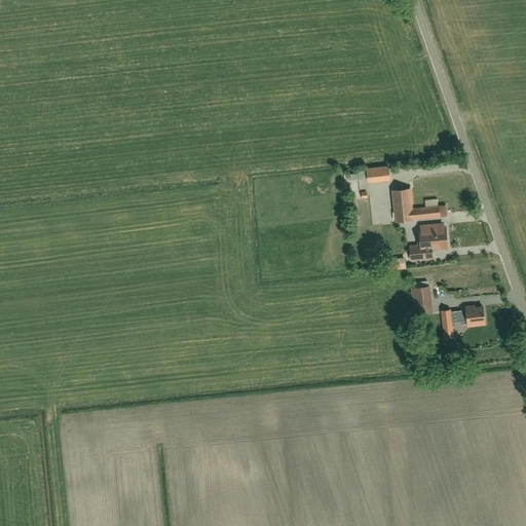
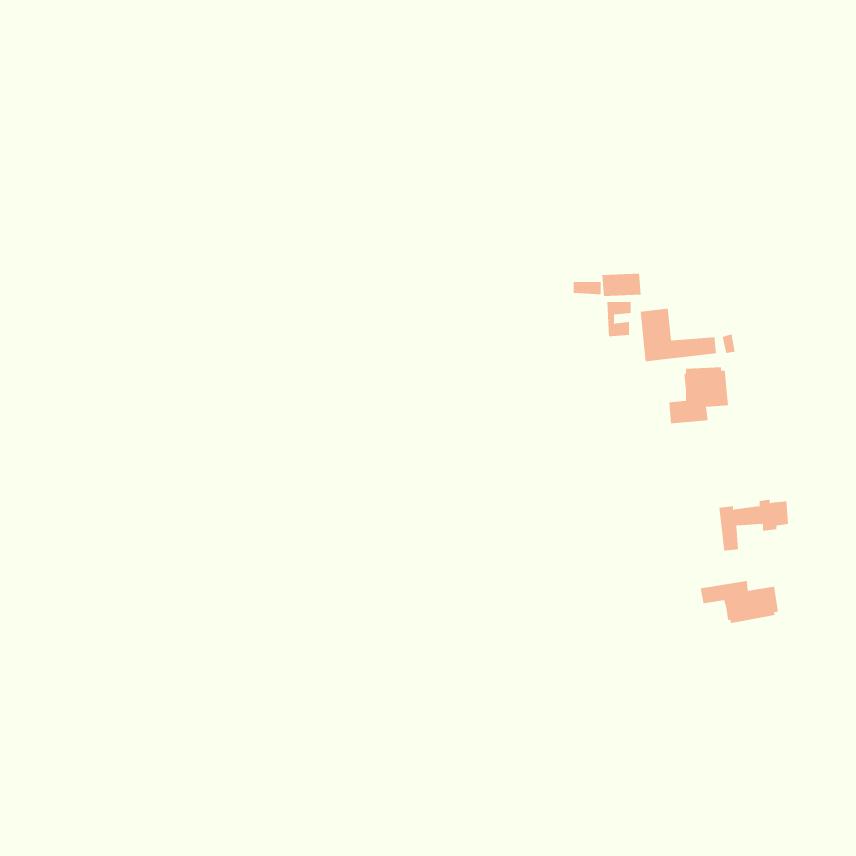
building: [411,286,431,314] -> none
building: none -> [700,580,779,624]

